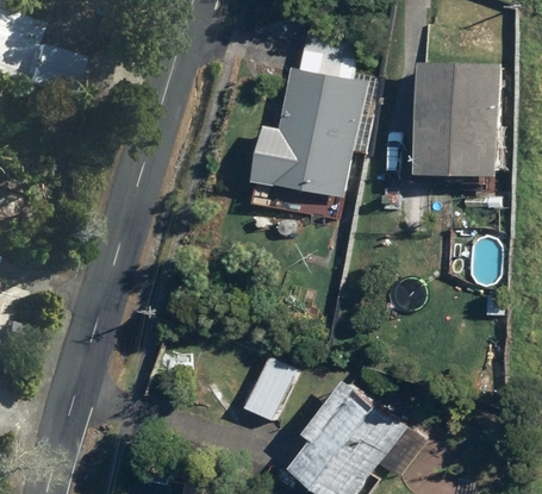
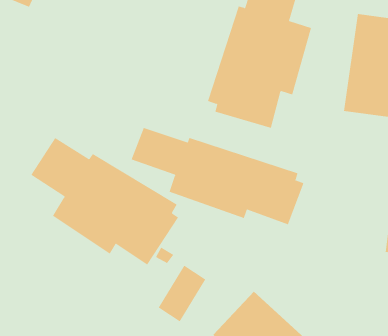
building: none -> [131,127,304,225]
building: none -> [30,137,179,266]

